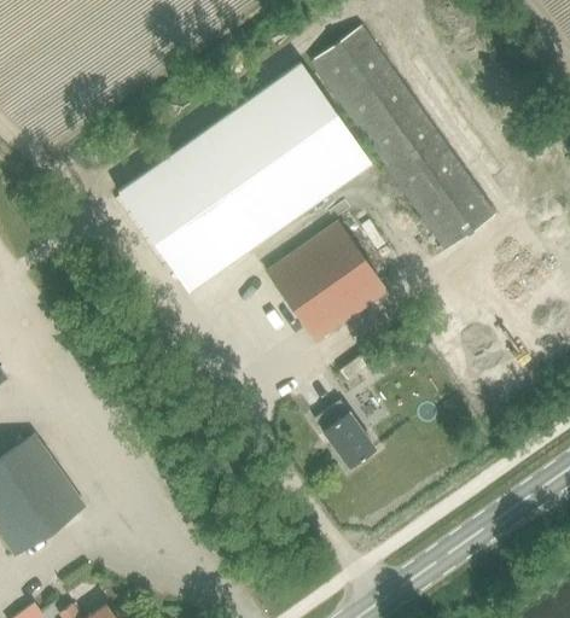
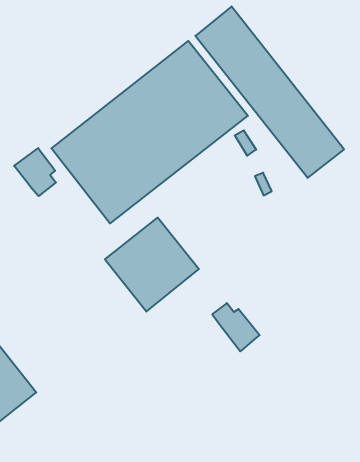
building: none -> [14,148,56,196]
building: [266,221,385,340] -> [105,218,199,312]

